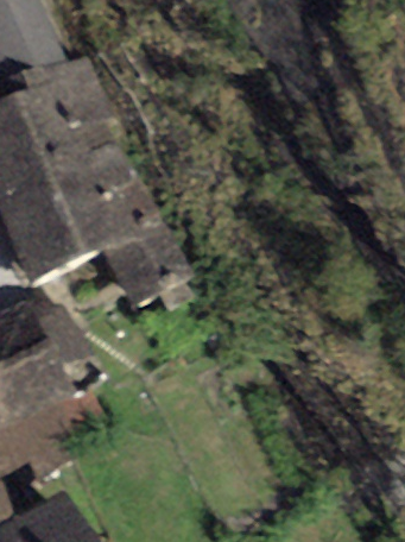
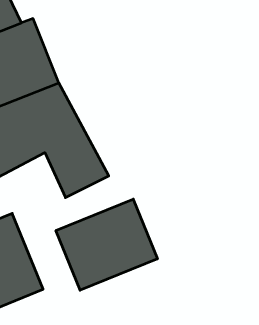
building: none -> [56,199,157,290]

